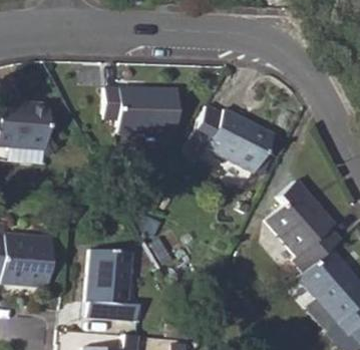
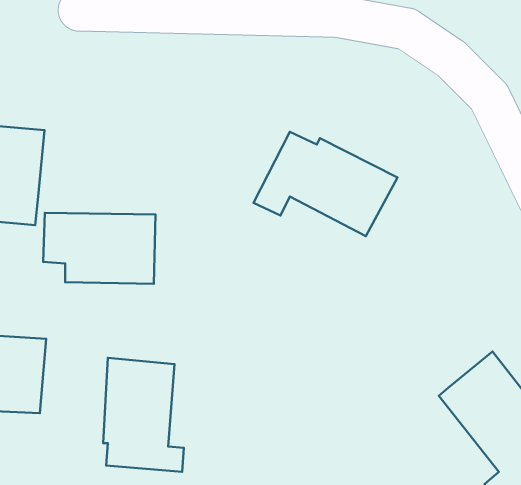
building: [105,88,176,133] -> [43,213,156,284]
building: [271,178,342,269] -> none

